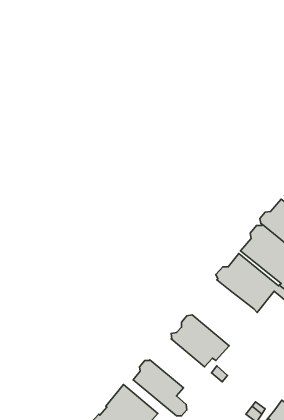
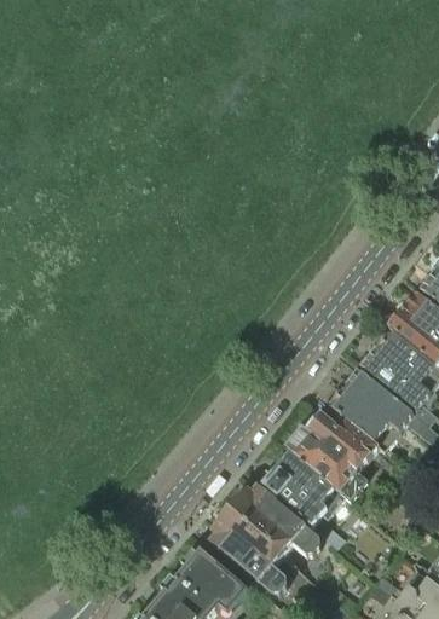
building: none -> [290,413,380,501]
building: none -> [236,487,320,554]

